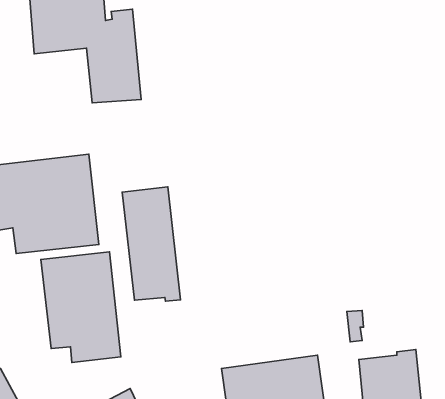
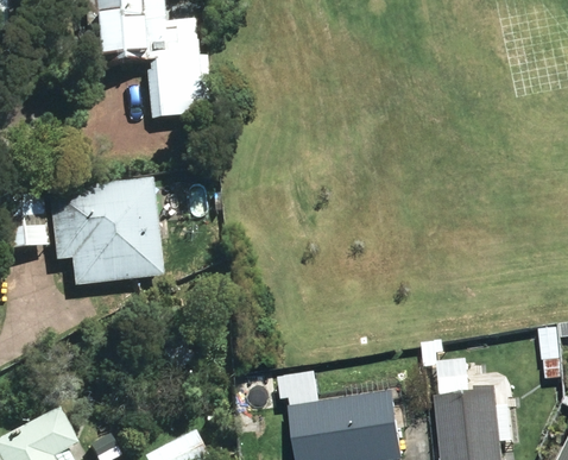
building: [122,187,180,301] -> none
building: [41,252,121,363] -> none

